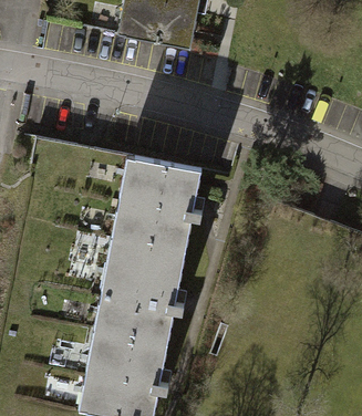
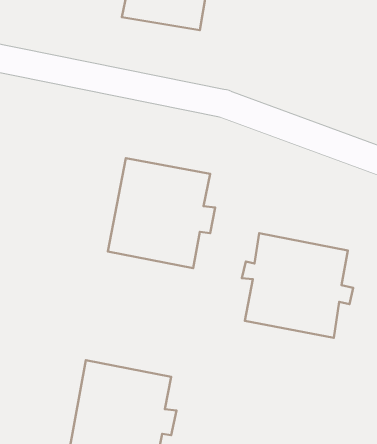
building: none -> [242,233,353,338]
building: [93,235,186,342] -> none

